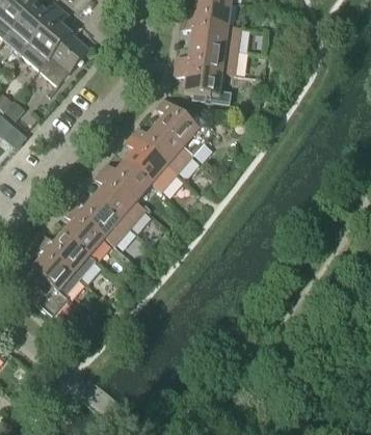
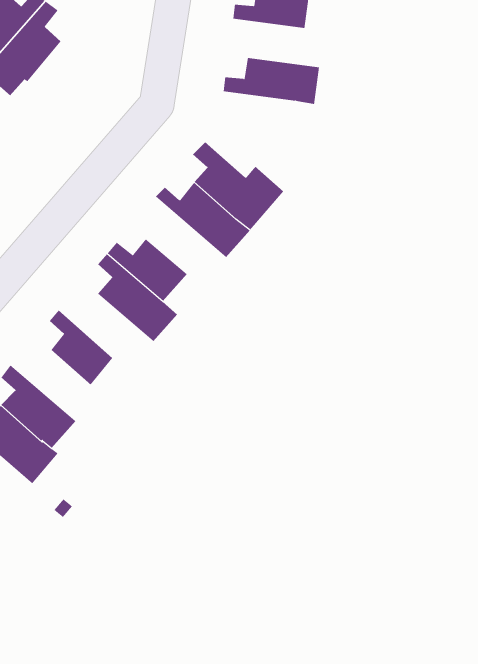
building: [180,20,241,51] -> none
building: [38,34,90,86] -> none
building: [174,66,232,106] -> none
building: [126,134,178,192] -> none
building: [70,196,131,246] -> none
building: [38,233,97,278] -> none

